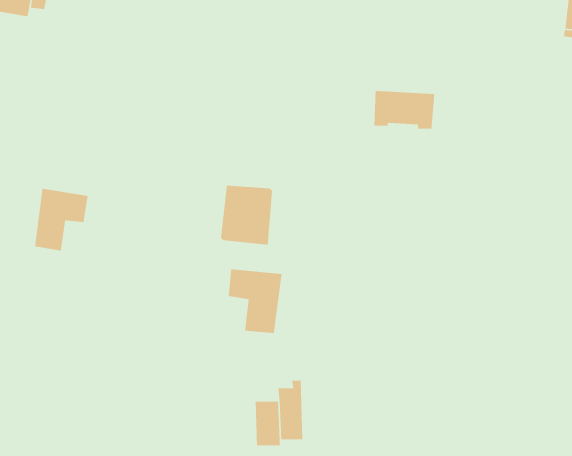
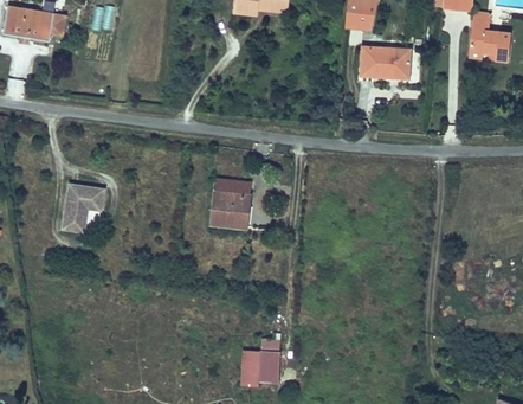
building: [373,90,435,130] -> [363,49,412,79]
building: [228,268,283,334] -> none

